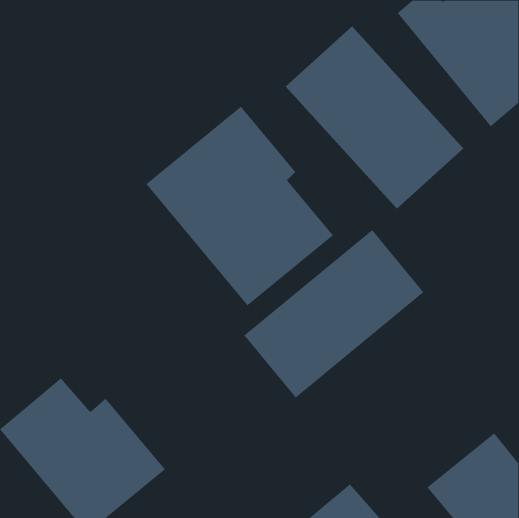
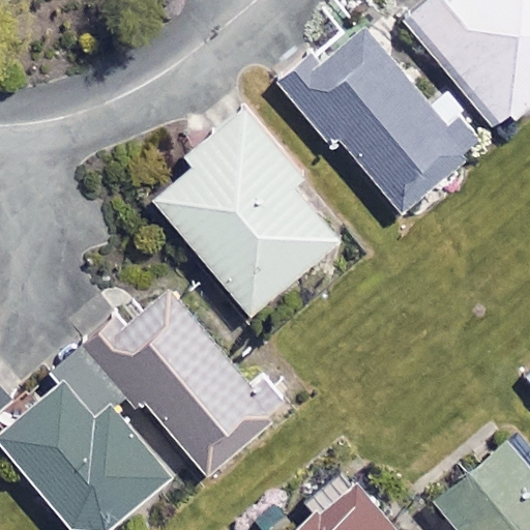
building: [243,229,424,399] -> none
building: none -> [58,282,278,474]

